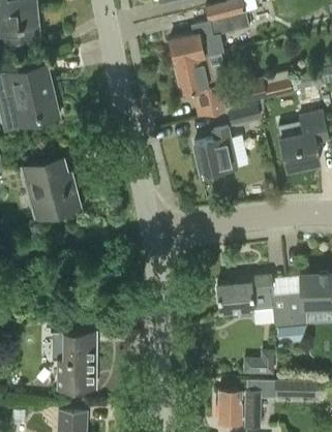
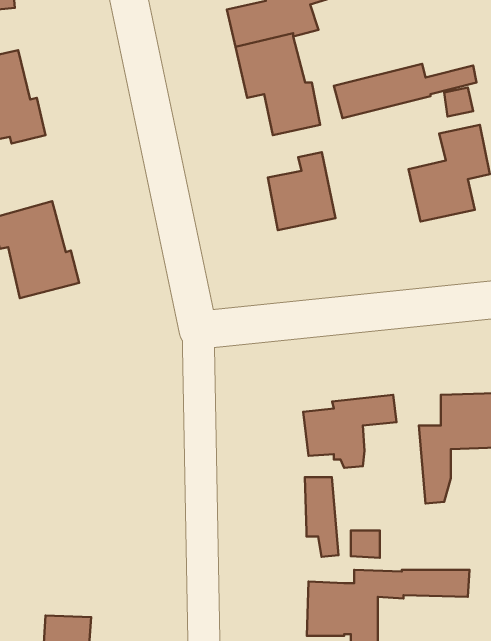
building: [228,104,263,128] -> none
building: [270,294,291,342] -> [305,477,339,557]
building: [50,330,103,389] -> none

